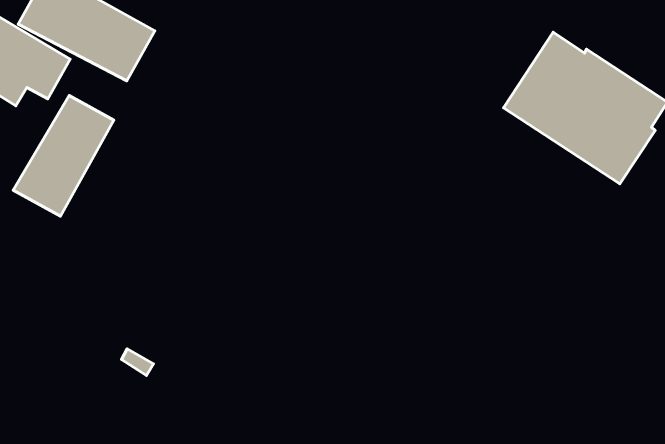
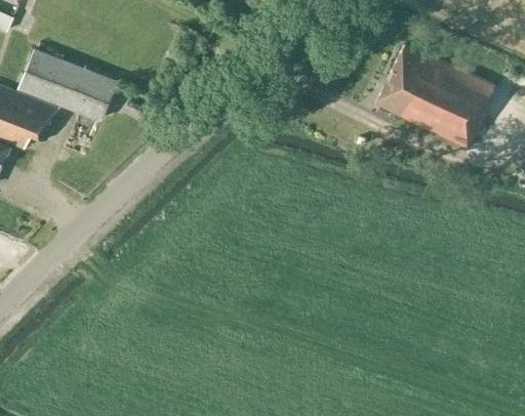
building: [13,95,114,216] -> none

